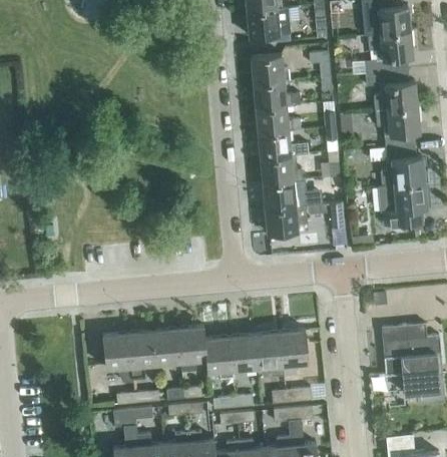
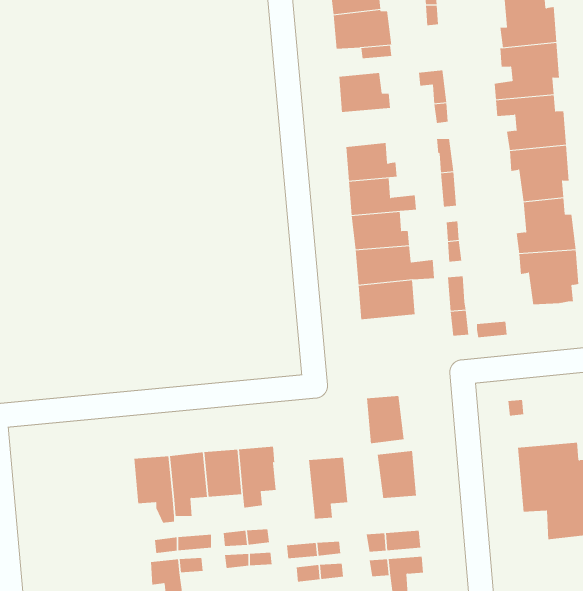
building: [254,80,301,108] -> none
building: [256,333,284,368] -> [366,396,405,444]
building: [204,337,234,378] -> none

